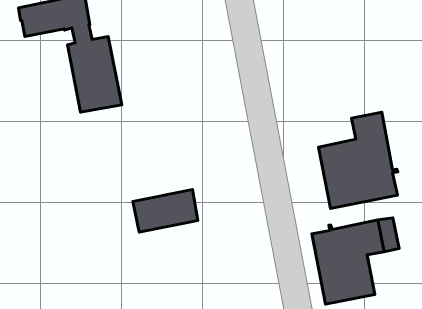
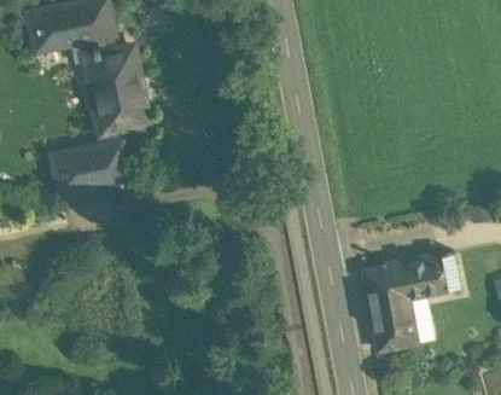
building: [319,112,398,208] -> none
building: [133,190,198,232] -> [54,141,128,190]

